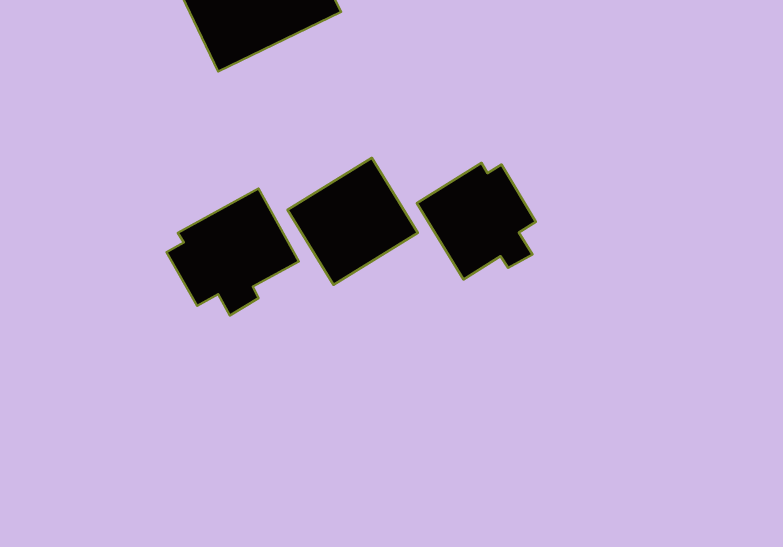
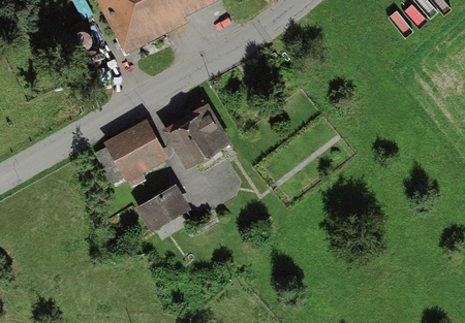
building: [417,163,536,280] -> none
building: none -> [136,184,189,231]

